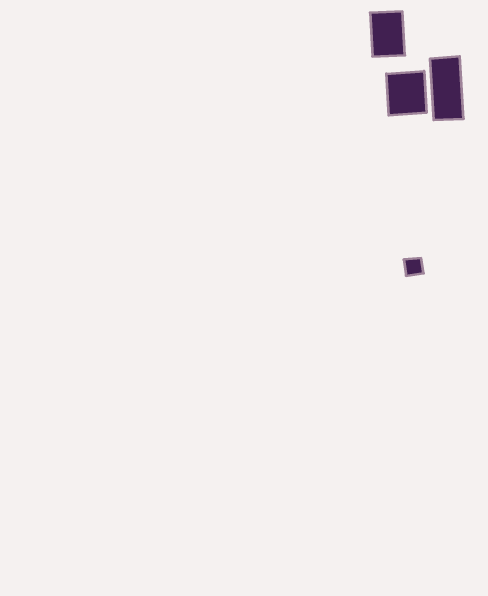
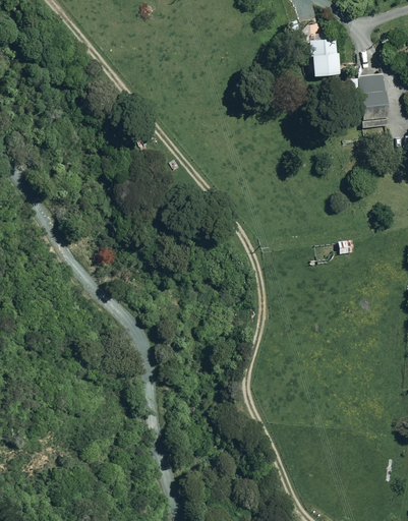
building: [386,71,426,115] -> none

